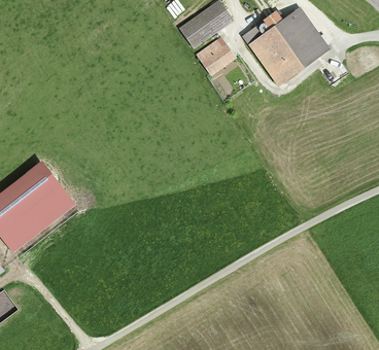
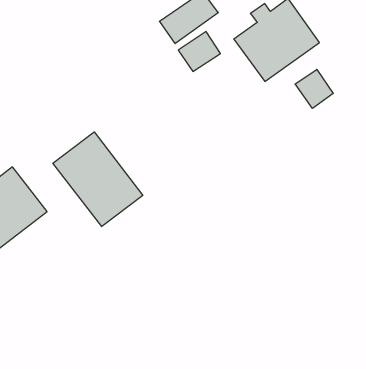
building: none -> [295,69,333,108]
building: none -> [53,132,143,227]

